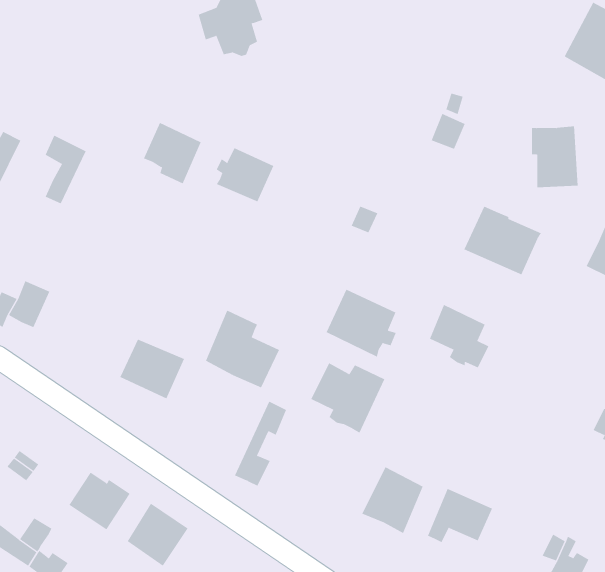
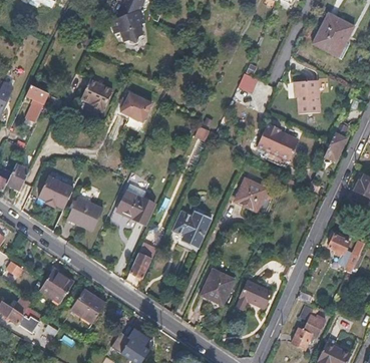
building: [326,289,396,357] -> none
building: none -> [39,176,74,209]

